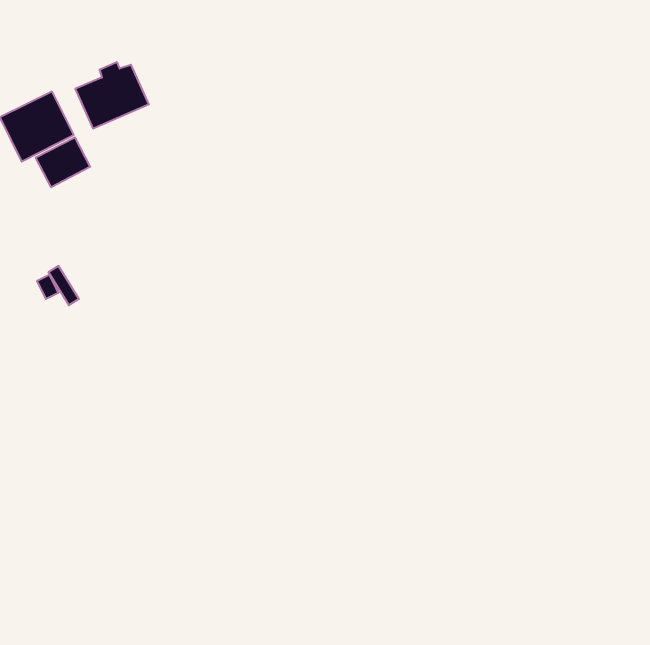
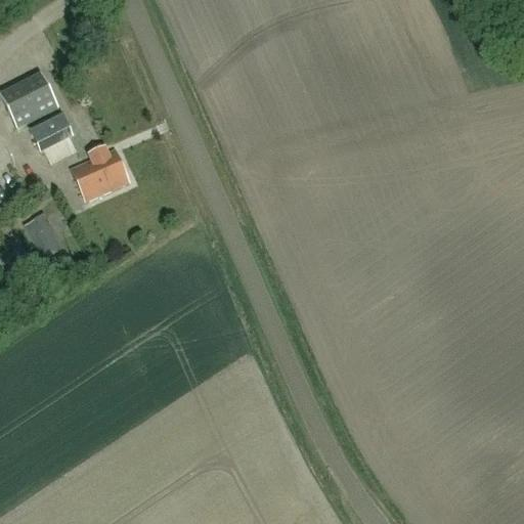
building: [75,62,149,128] -> [71,147,130,201]

